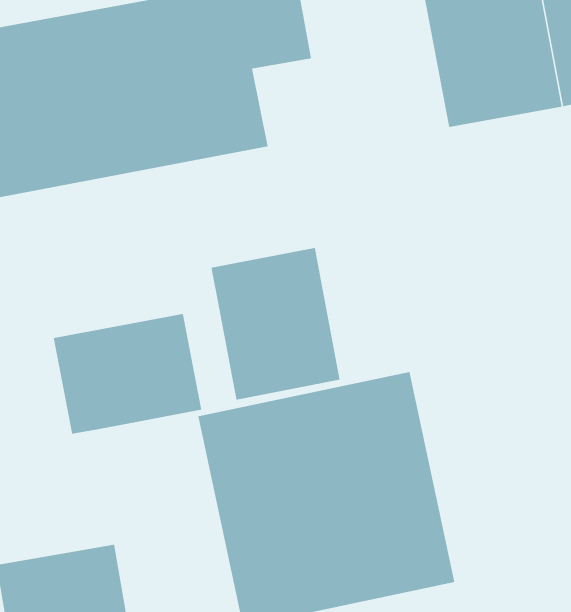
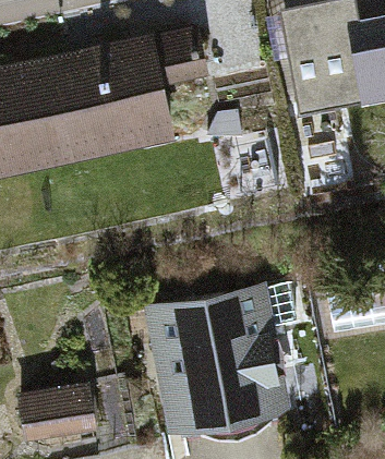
building: [211,247,340,400] -> none
building: [53,313,202,435] -> none

